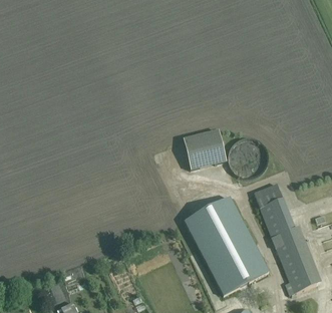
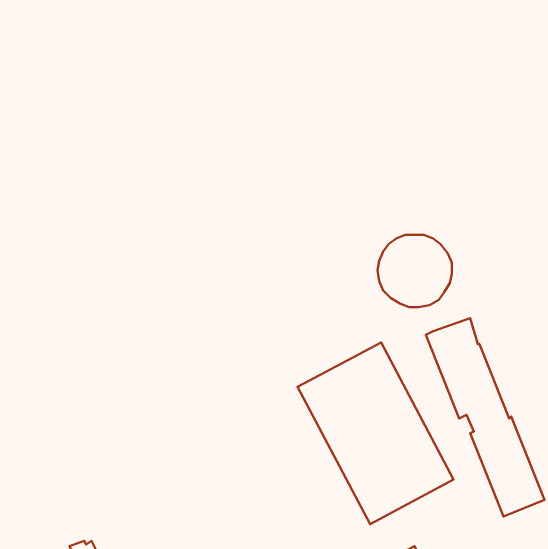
building: [183,130,226,170] -> none

